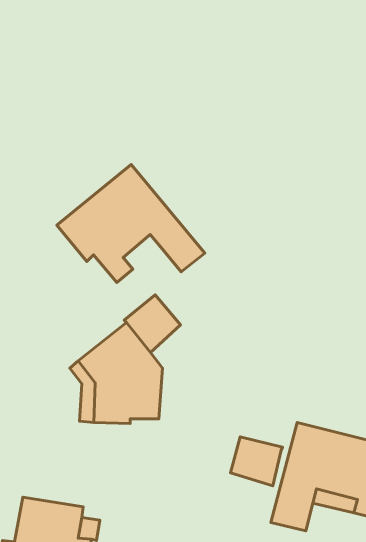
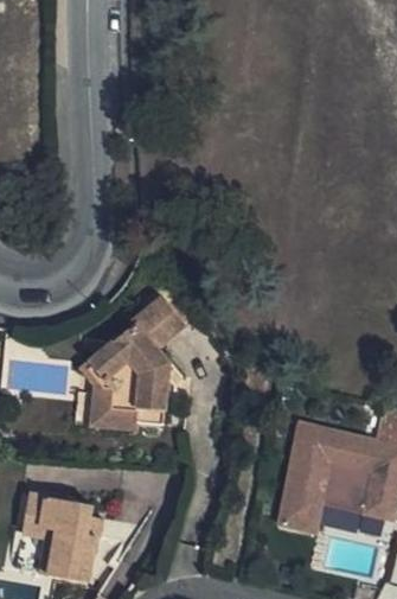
building: [57,165,205,282] -> none
building: [231,437,282,486] -> none

